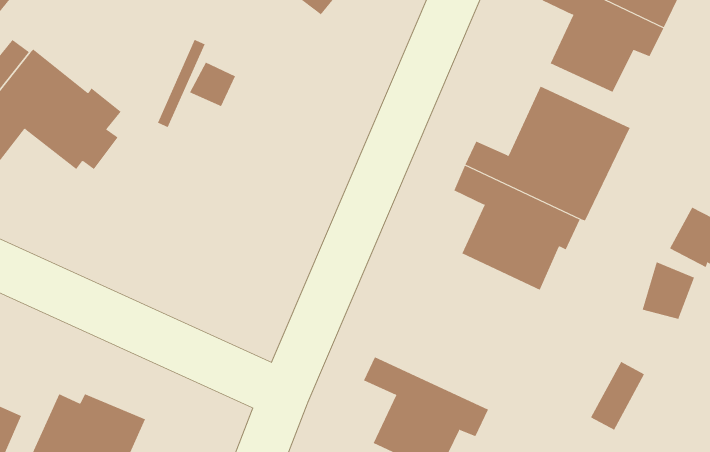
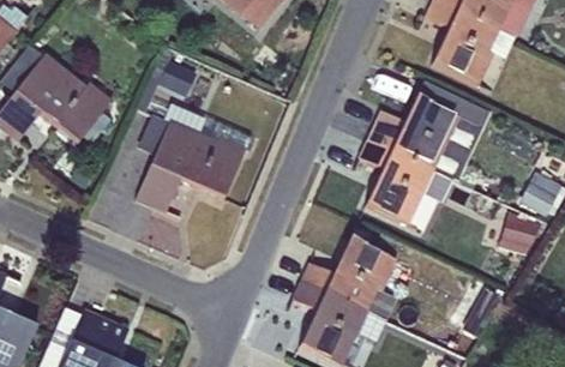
building: none -> [136,103,256,211]
building: none -> [300,237,396,321]

